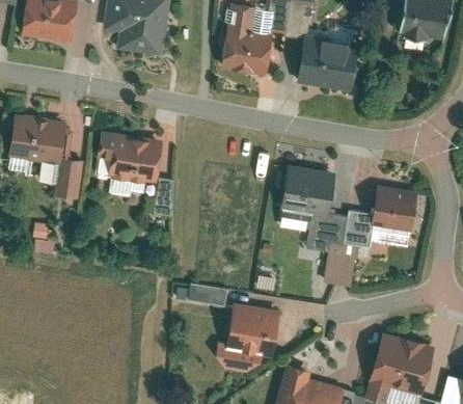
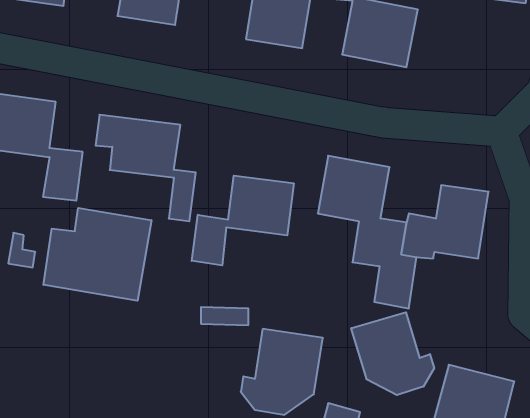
building: none -> [192,176,294,265]
building: none -> [43,208,151,301]
building: none -> [351,312,434,395]

